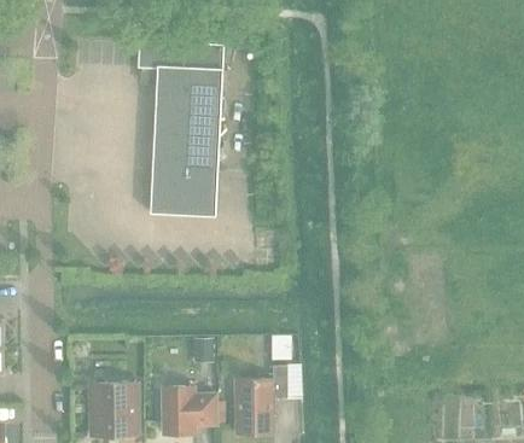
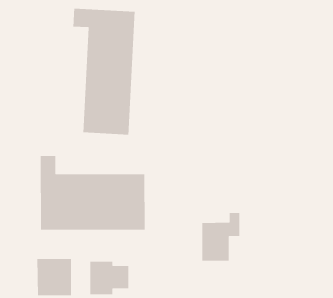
building: none -> [40,155,146,231]
building: [233,366,286,433] -> [201,212,240,261]

